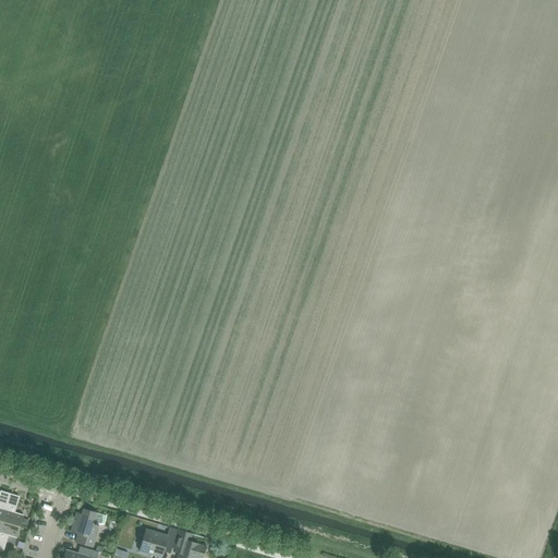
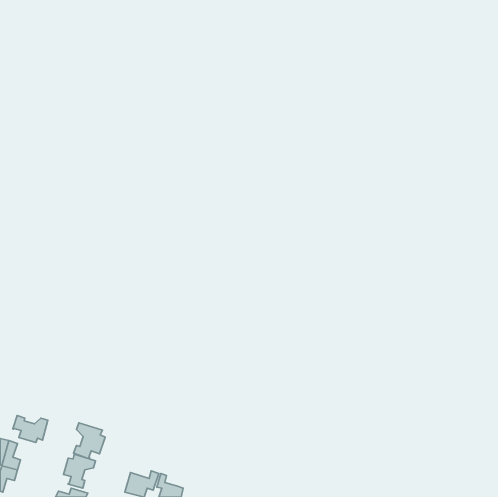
building: none -> [13,415,48,443]
building: none -> [74,423,105,459]

